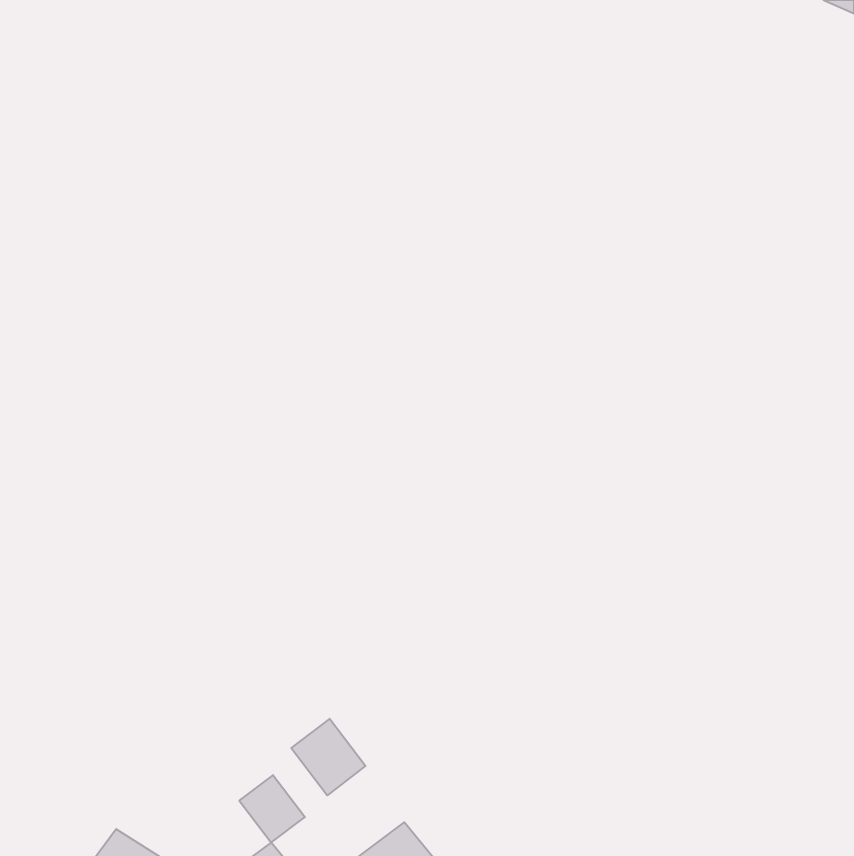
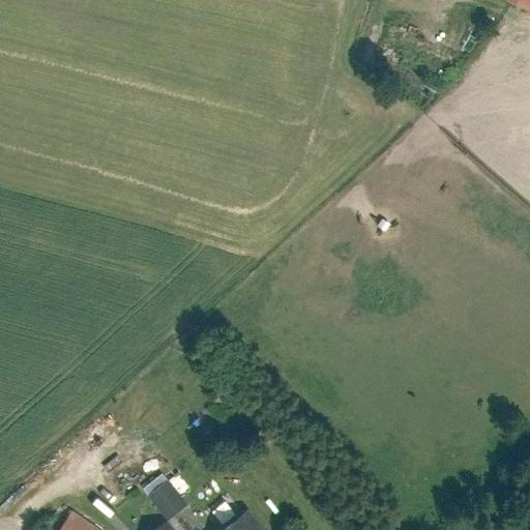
building: [291,719,366,795] -> none

